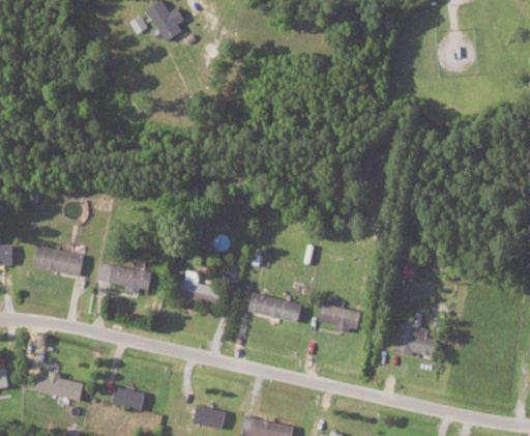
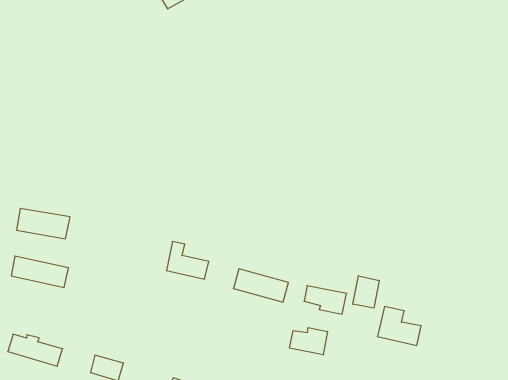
building: [95,263,151,291] -> [11,256,69,288]
building: none -> [353,276,379,308]
building: none -> [290,328,328,355]

